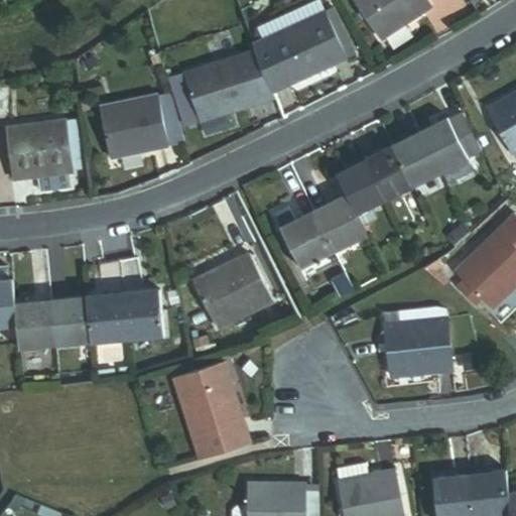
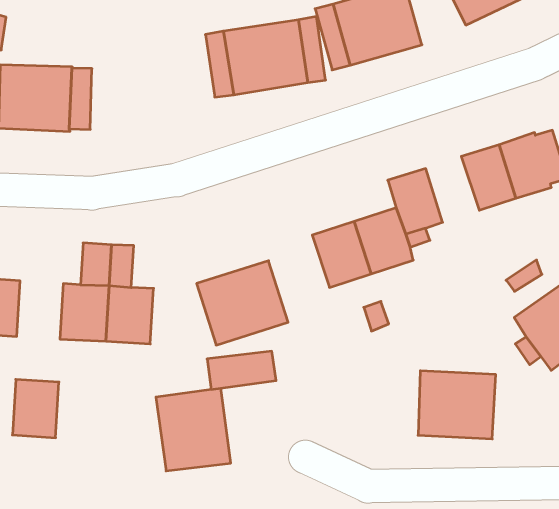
building: [102,96,168,157] -> none
building: [365,145,413,201] -> none
building: [50,296,90,345] -> [12,379,59,438]
building: [191,421,250,460] -> [207,351,276,389]

